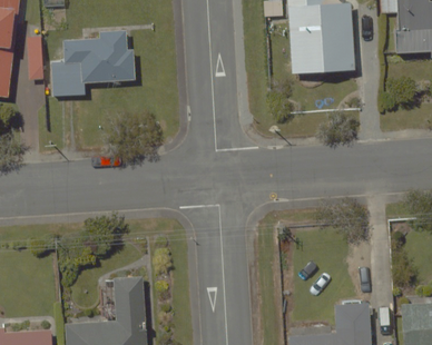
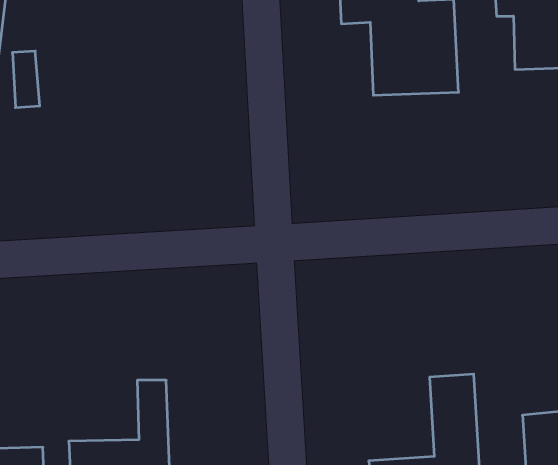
building: [51,28,135,96] -> none

